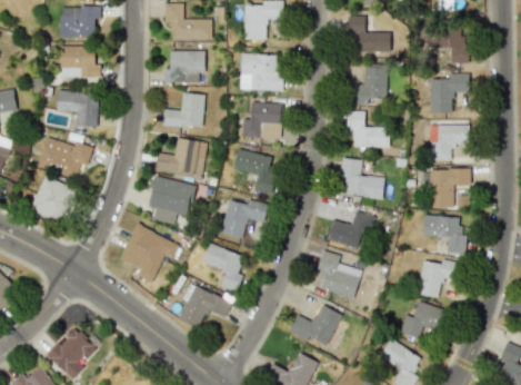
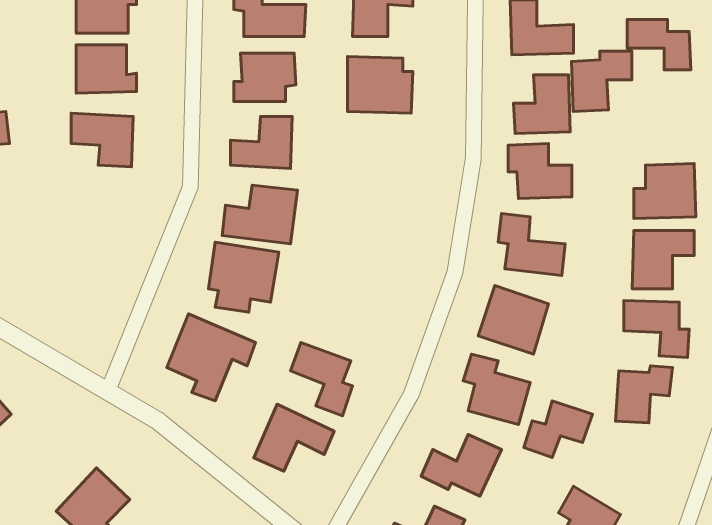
building: [429,73,469,113] -> [572,51,632,112]
building: [241,102,282,138] -> none
building: [37,137,92,179] -> none
building: [233,148,279,194] -> none
building: [29,176,76,224] -> none
building: [221,200,269,238] -> none
building: [399,302,444,339] -> [524,401,592,458]

